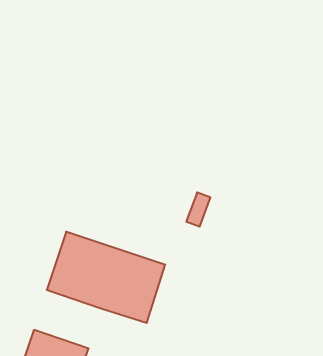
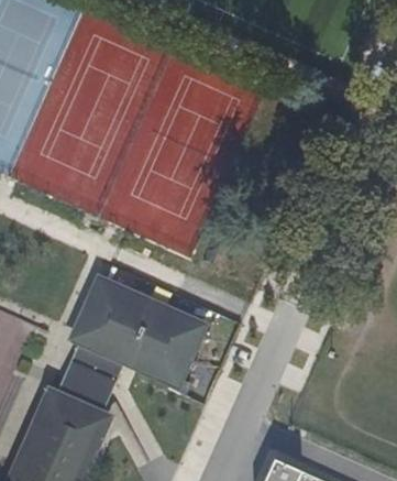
building: none -> [59,338,131,403]

